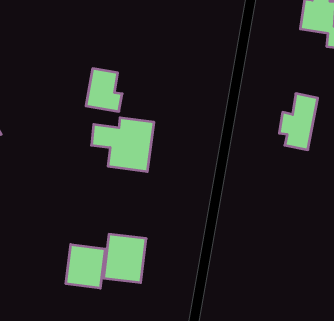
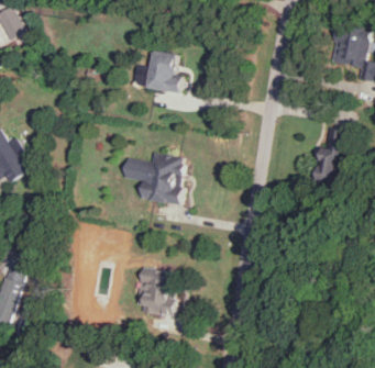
building: [86,69,122,111] -> [147,51,184,93]
building: [66,244,105,288] -> none

